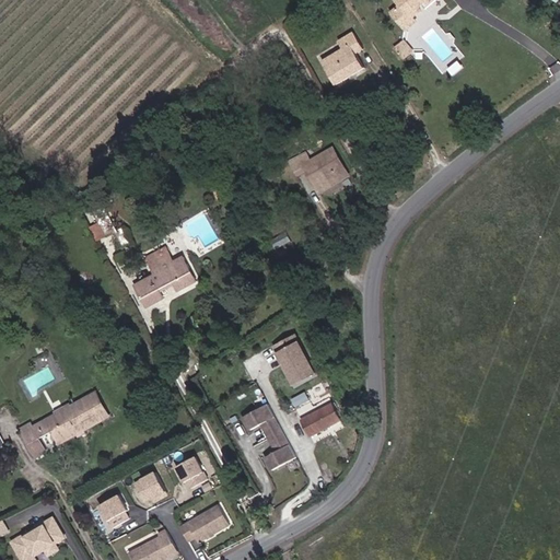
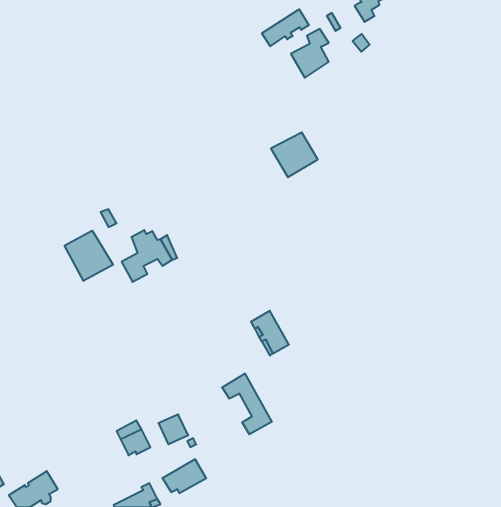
building: none -> [262,9,309,46]
building: none -> [65,231,113,281]
building: [15,388,107,456] -> none
building: [299,402,342,436] -> none
building: [97,492,129,528] -> none

